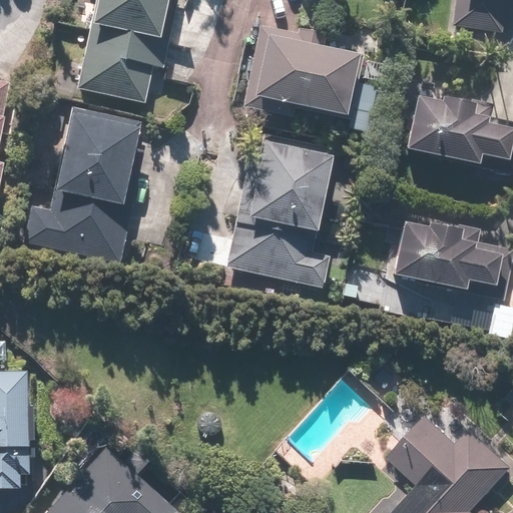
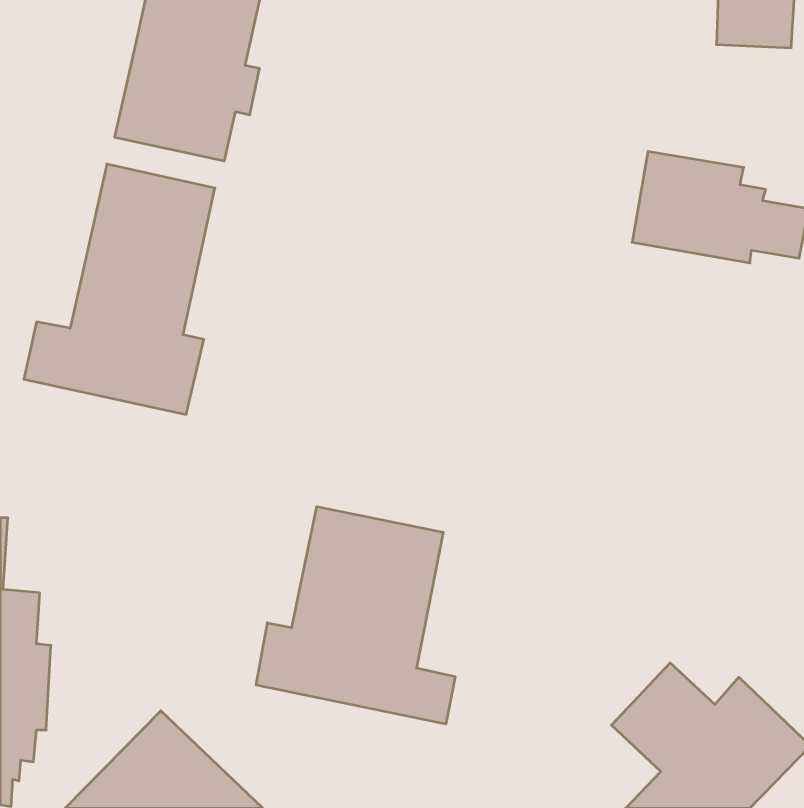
building: [246,26,361,121] -> none
building: [227,144,333,287] -> none
building: [392,222,501,291] -> none
building: none -> [256,507,455,724]

